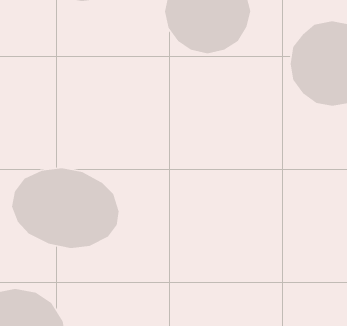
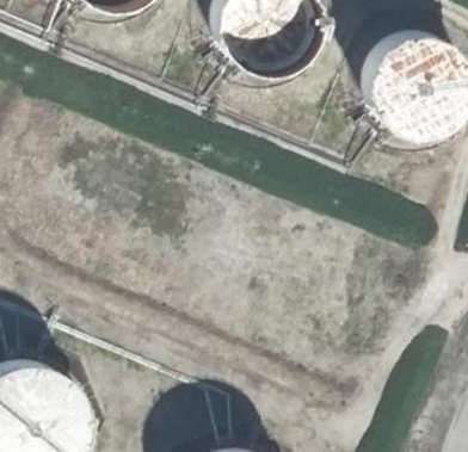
building: [11,168,120,249] -> none

